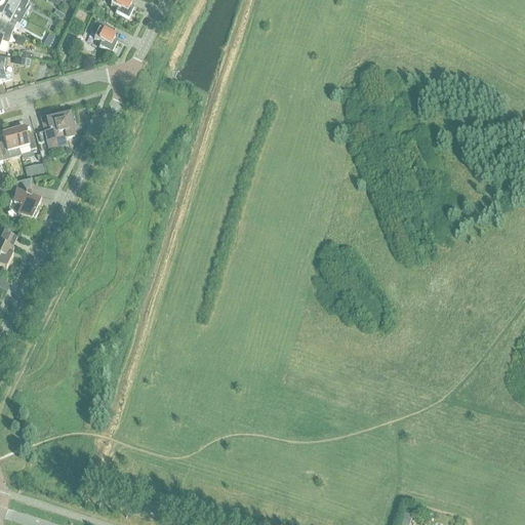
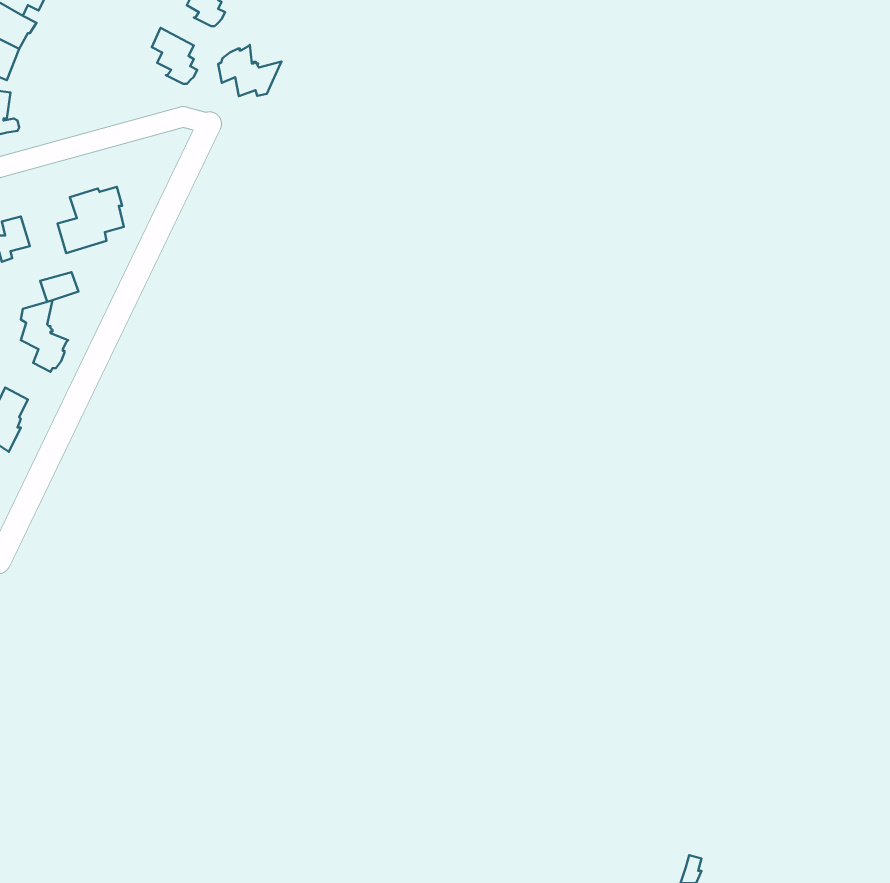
building: none -> [218,45,281,96]
building: [12,124,36,151] -> none

